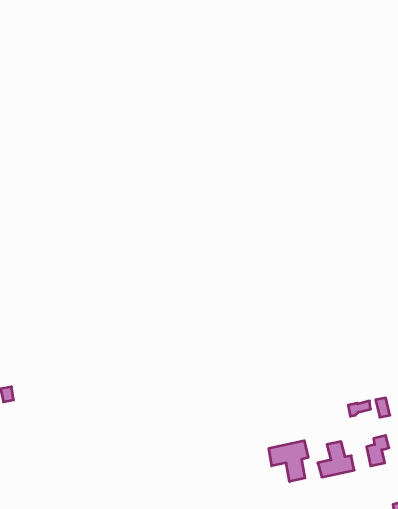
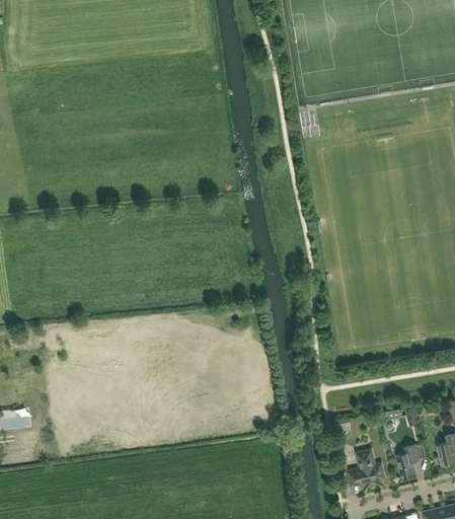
building: [269,441,308,482] -> none

